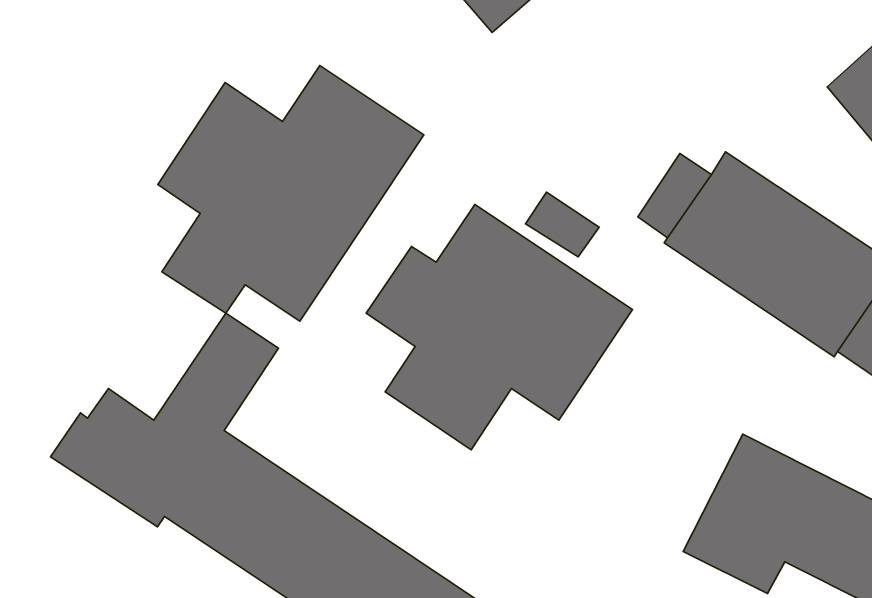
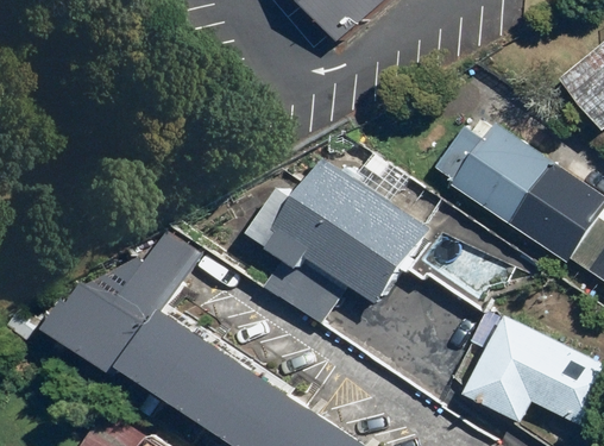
building: [158,66,424,321] -> none

